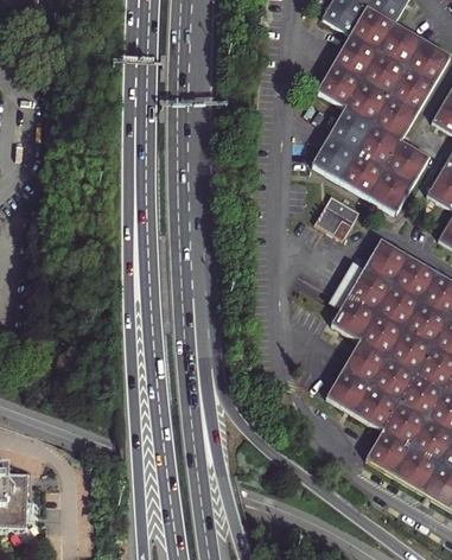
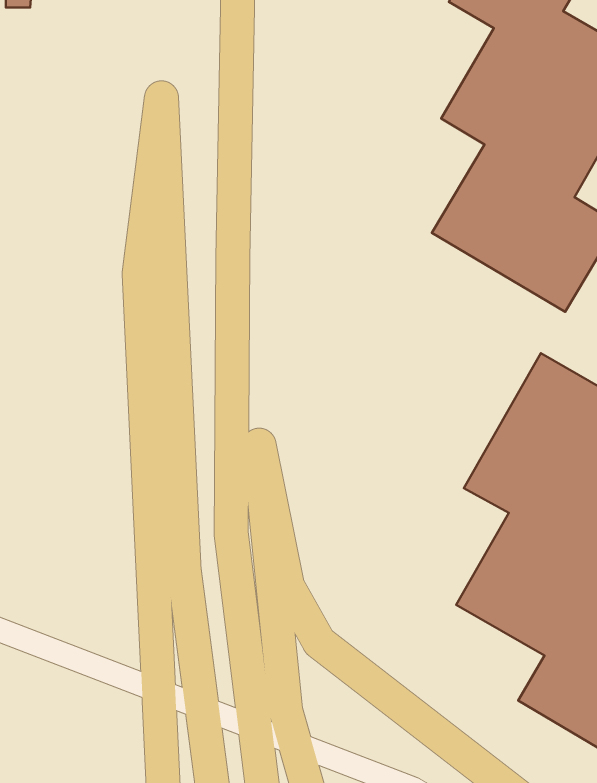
building: [316,193,361,237] -> none

